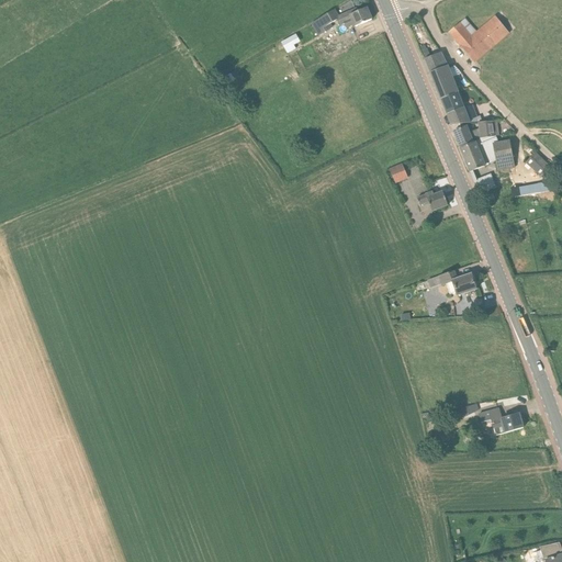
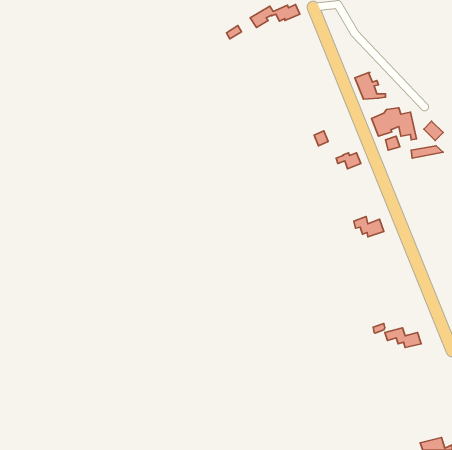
building: [449,14,509,60] -> none
building: [425,50,458,97] -> none
building: [453,120,494,147] -> none

